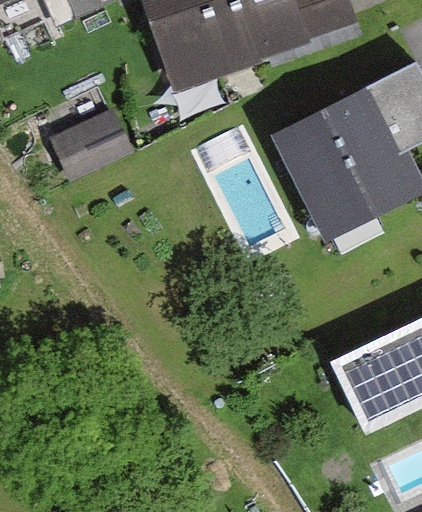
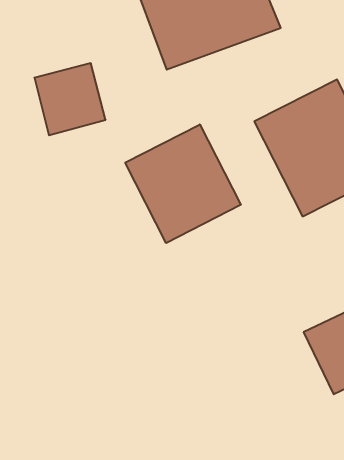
building: none -> [125,124,241,243]

